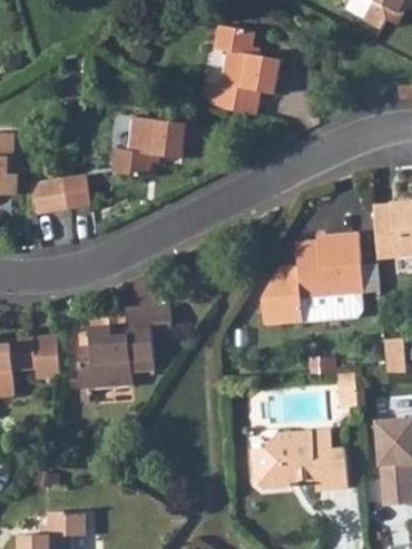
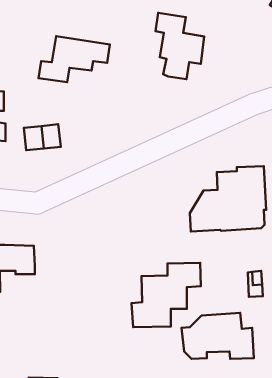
building: [112,116,207,177] -> [38,36,110,82]
building: [75,306,167,392] -> [131,263,201,327]

